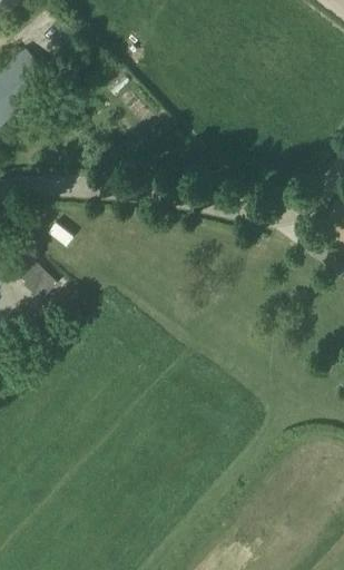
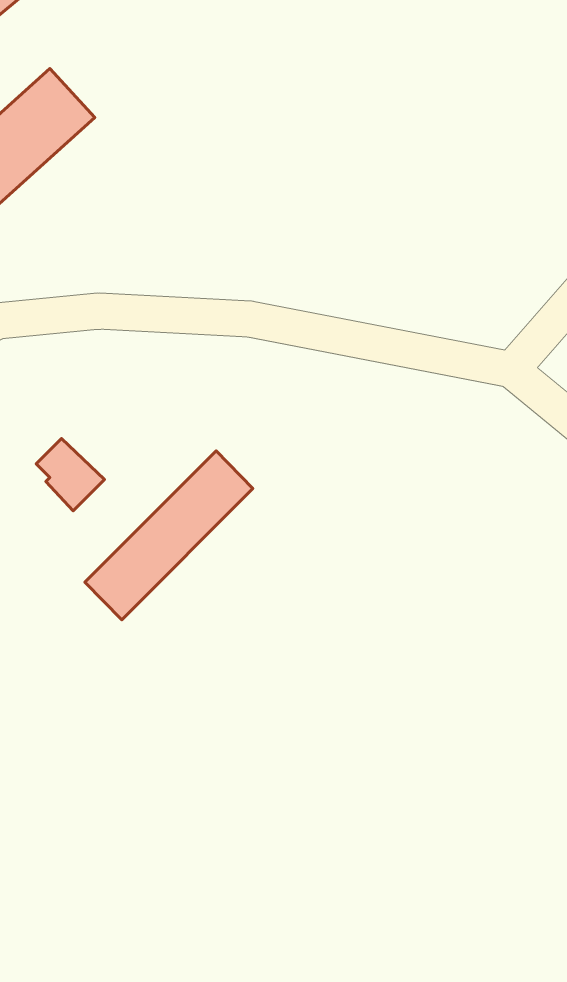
building: none -> [85,451,253,620]

